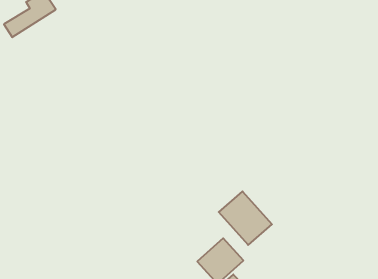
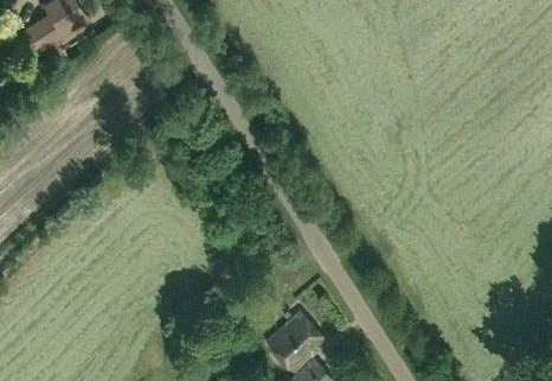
building: [219,191,272,245] -> none

